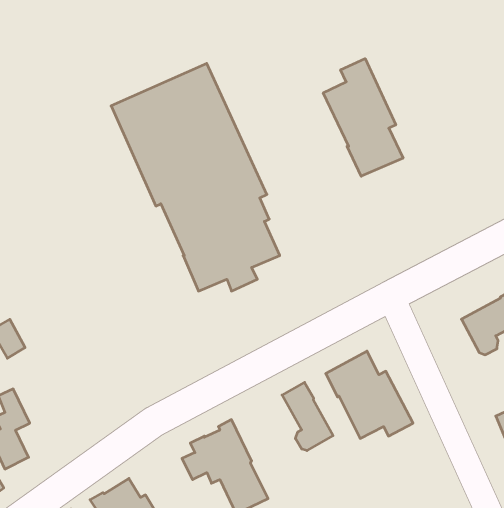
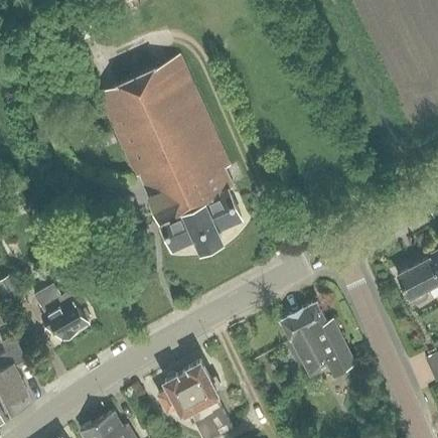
building: [323,59,403,176] -> none
building: none -> [34,284,92,340]
building: [282,382,333,451] -> none

